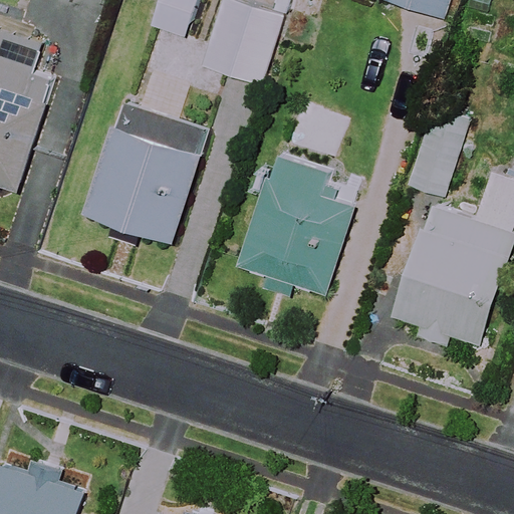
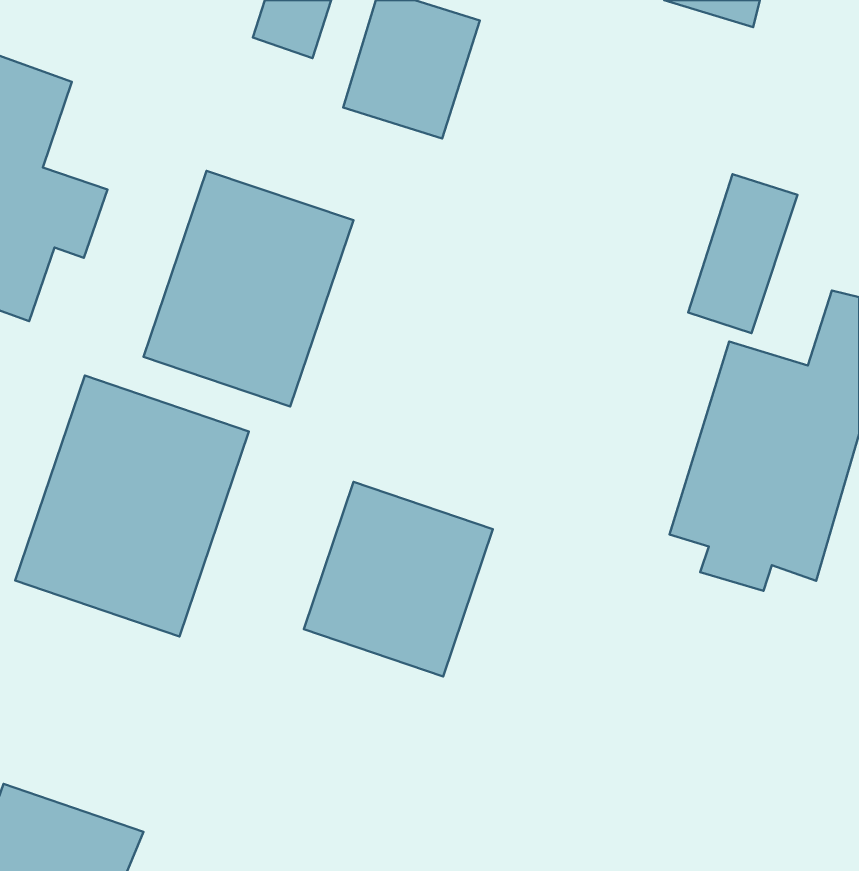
building: [237,145,369,292] -> none
building: none -> [15,376,249,637]
building: none -> [304,482,493,676]

